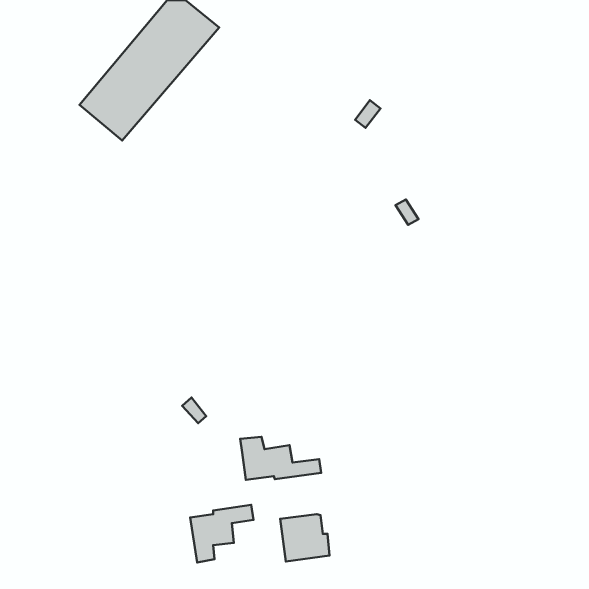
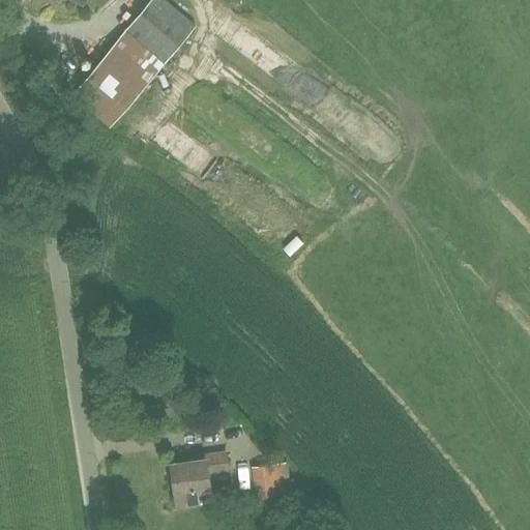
building: [240,437,321,480] -> none

